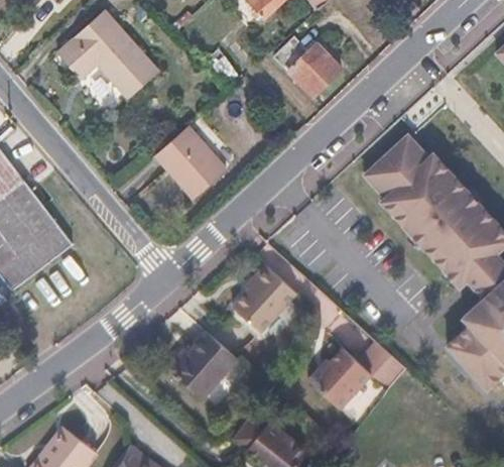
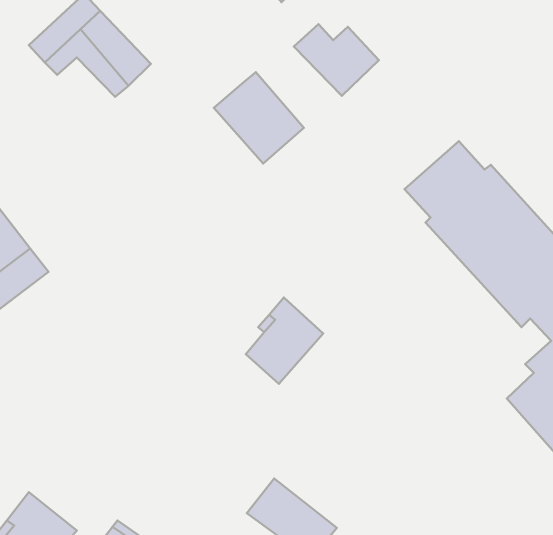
building: [153,124,227,199] -> [214,72,304,163]
building: [310,328,408,408] -> none
building: [166,331,239,399] -> none

